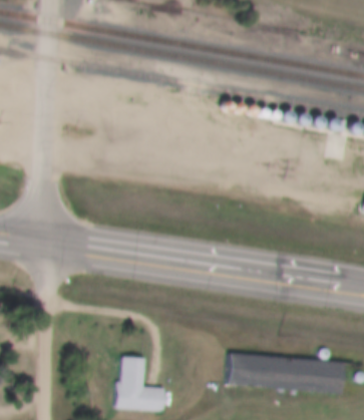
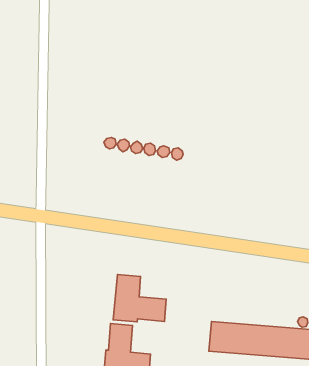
building: none -> [113,275,166,322]

